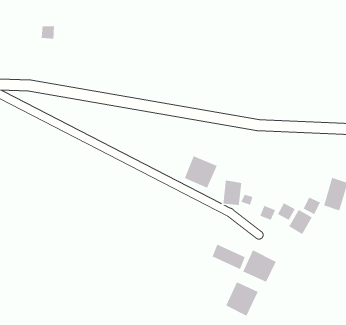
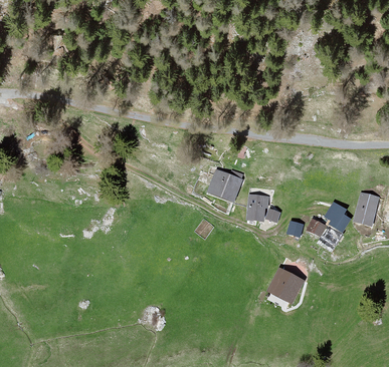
building: [212,244,246,270] -> none
building: [225,281,259,317] -> none

